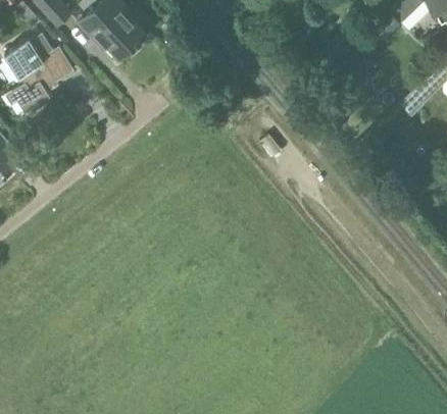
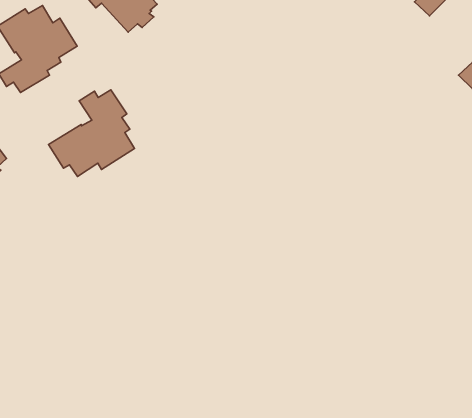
building: none -> [49,90,135,176]

